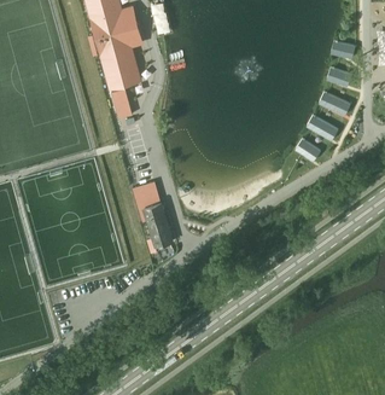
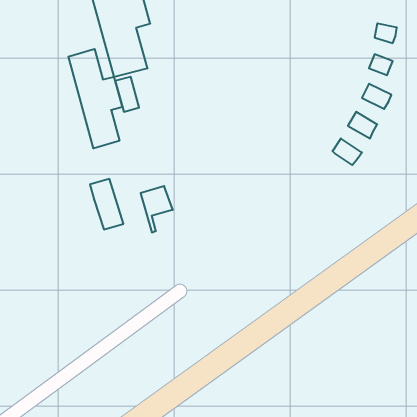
building: none -> [68,49,122,148]
building: [142,202,171,245] -> [90,179,123,229]

